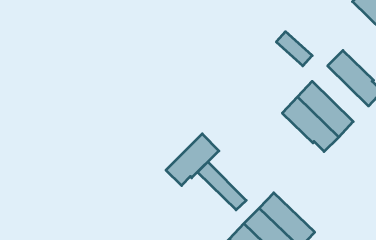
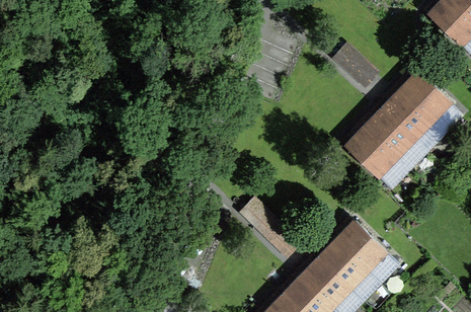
building: none -> [377,86,444,152]
building: [166,134,219,186] -> none
building: none -> [331,217,397,283]

